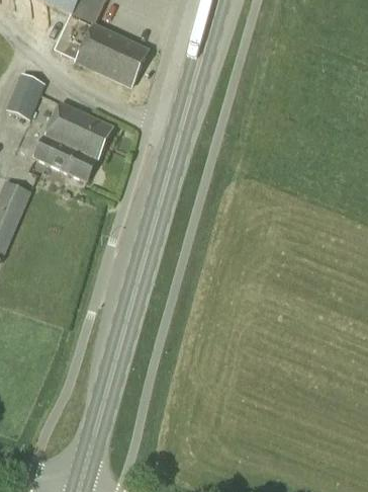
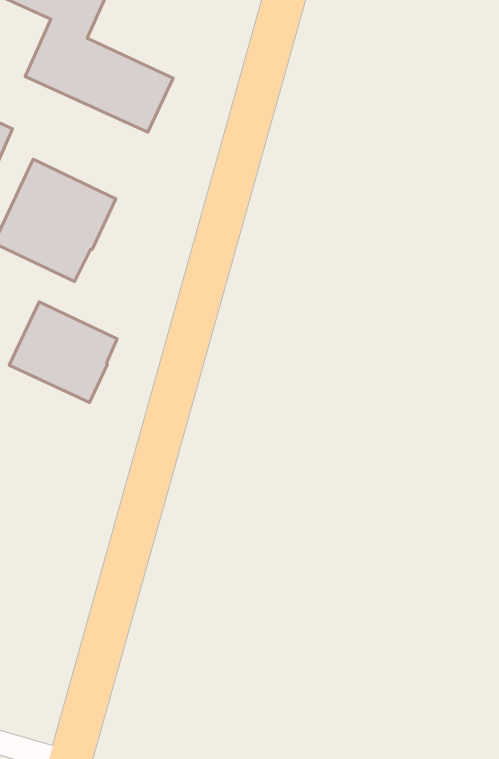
building: none -> [9,302,117,402]

